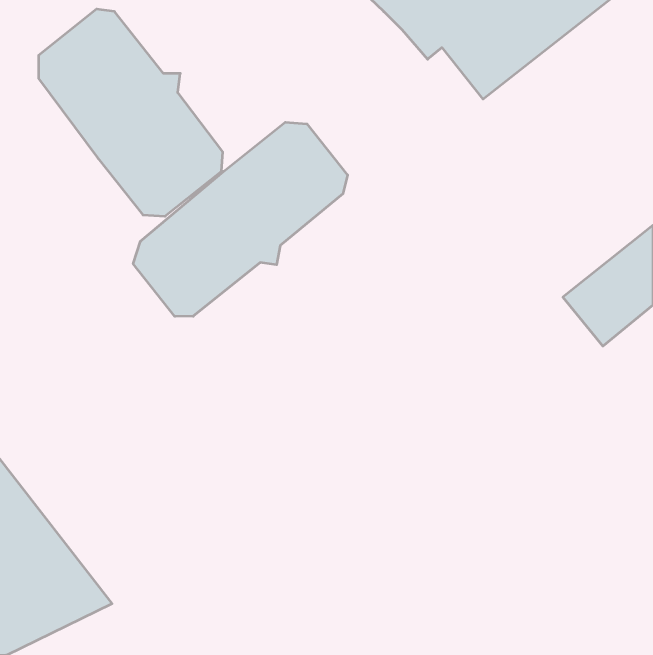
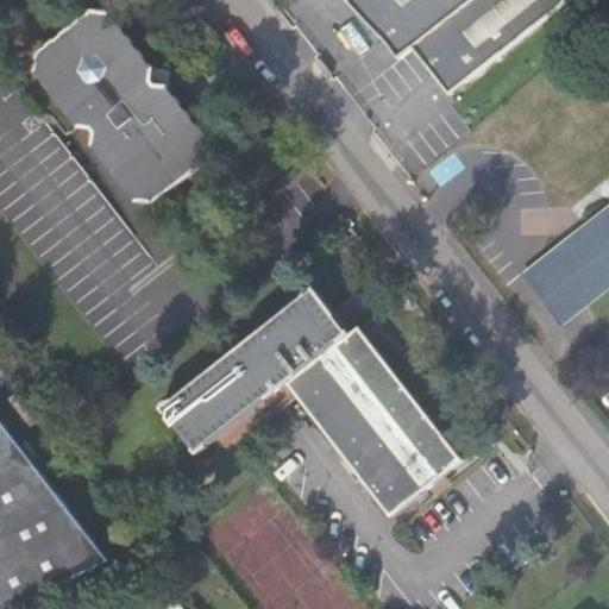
building: [133,122,348,316] -> none
building: none -> [161,283,459,515]

